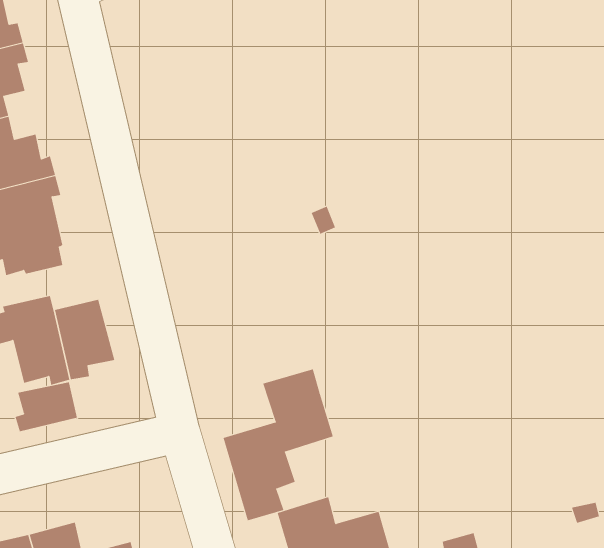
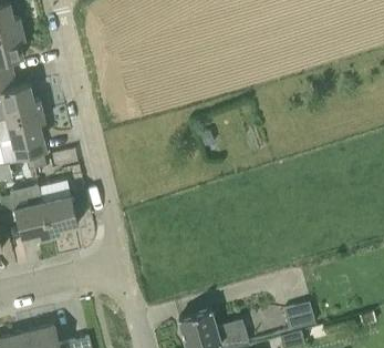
building: [223,369,333,521] -> none
building: [15,381,78,432] -> none
building: none -> [282,301,314,330]

